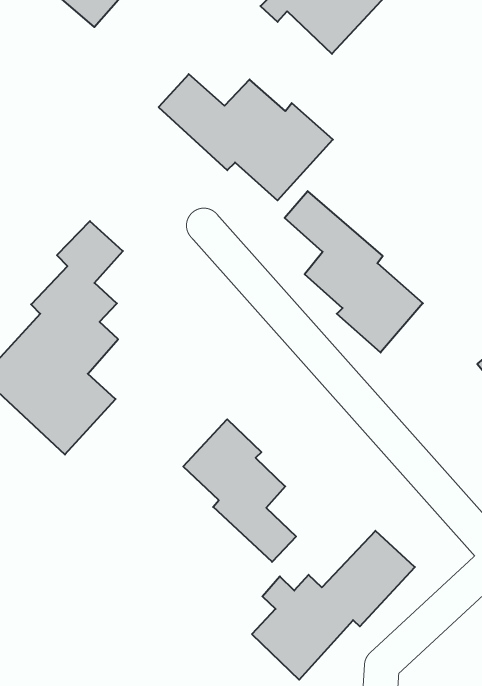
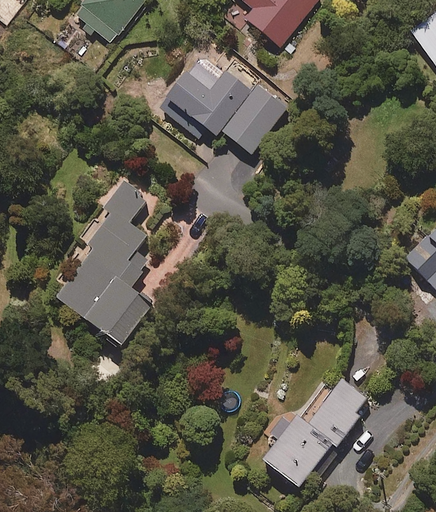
building: [285,191,423,353] -> none
building: [183,419,296,562] -> none

